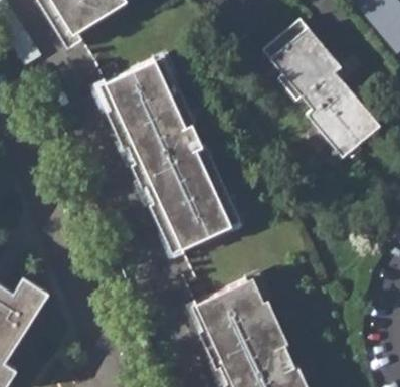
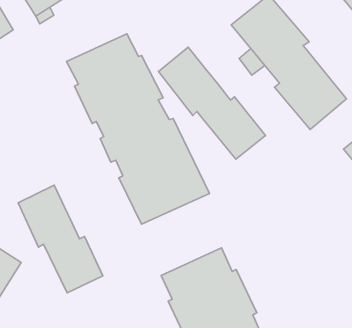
building: none -> [158,47,265,159]
building: none -> [18,185,103,293]

